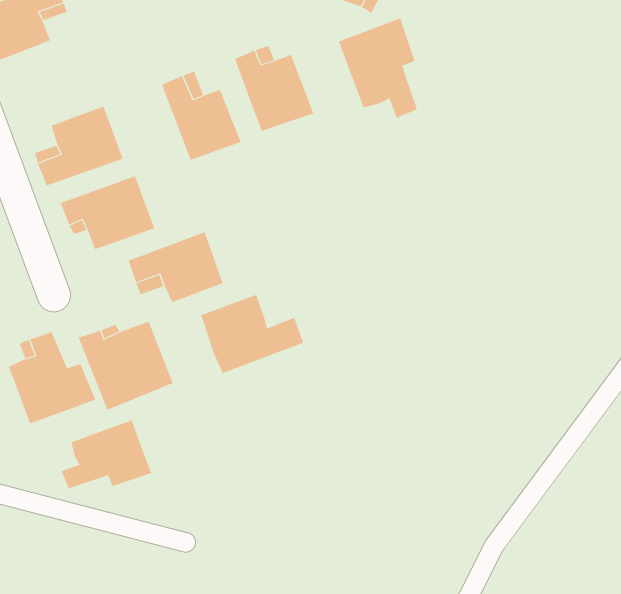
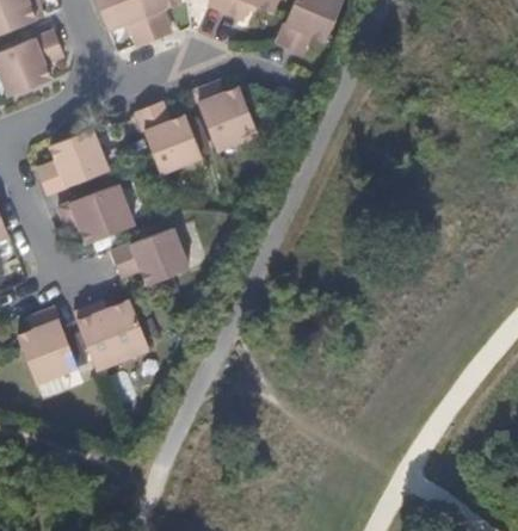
building: [338,17,417,119] -> none
building: [201,294,304,374] -> none
building: [61,419,152,489] -> none

